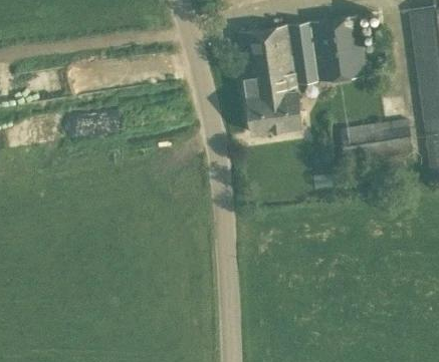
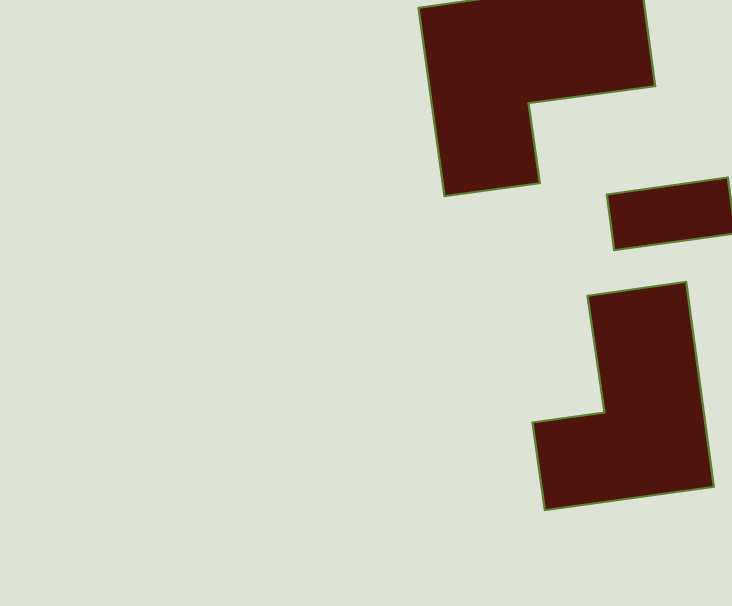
building: none -> [532,282,714,510]

